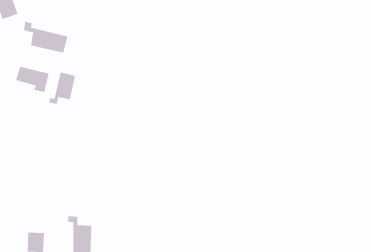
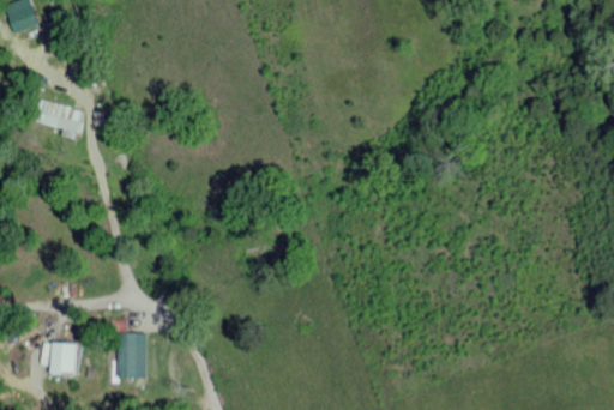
building: [23,21,68,53] -> none
building: [48,72,76,105] -> none

